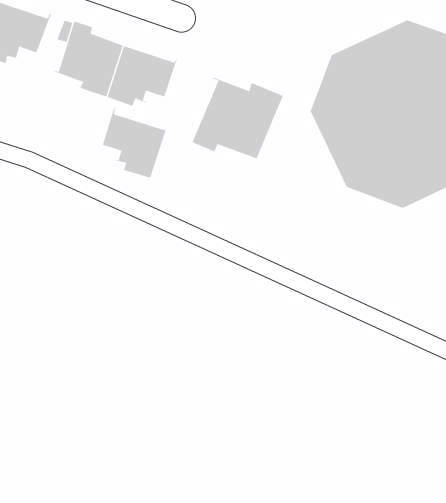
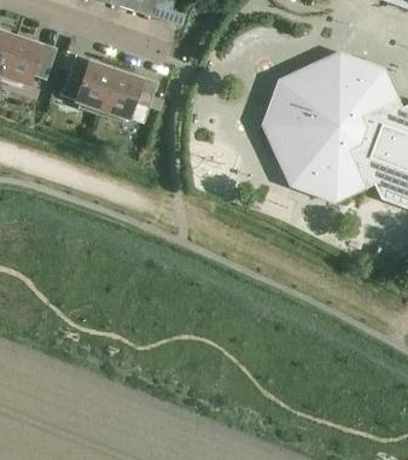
building: [193,77,283,159] -> none
building: [102,107,166,178] -> none

